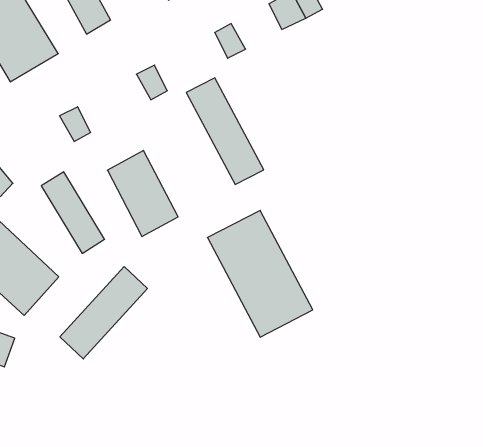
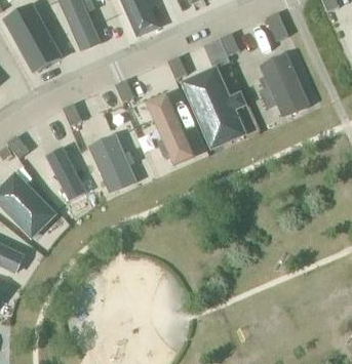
building: none -> [260,55,308,116]
building: [207,210,313,337] -> [180,65,245,148]
building: [60,267,147,359] -> none

